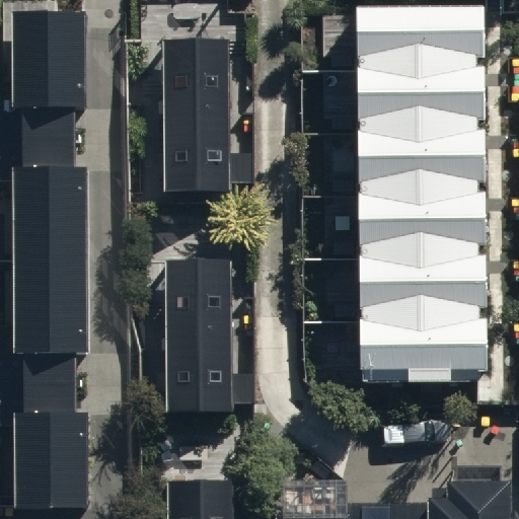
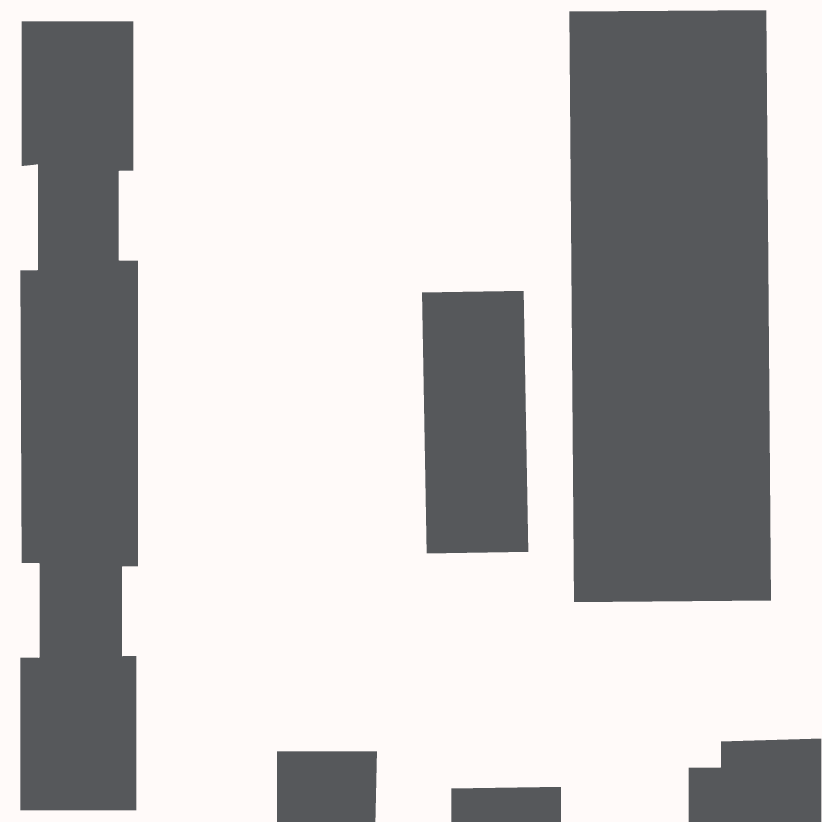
building: [167,30,233,190] -> none
building: [169,248,237,414] -> [421,291,529,554]

